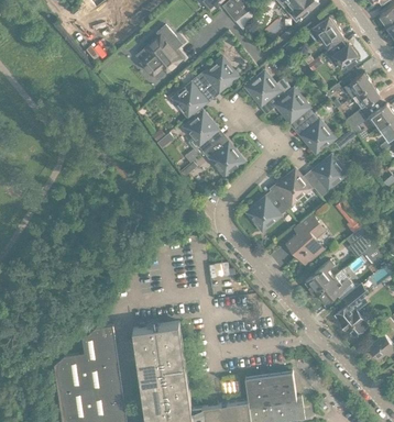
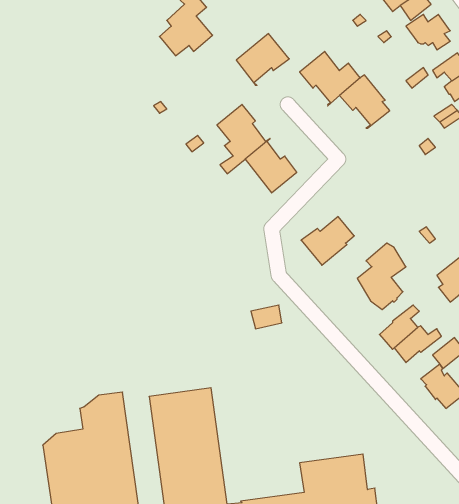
building: [172,78,211,118] -> none
building: [295,115,333,154] -> none
building: [305,155,346,195] -> none
building: [269,170,309,209] -> none

